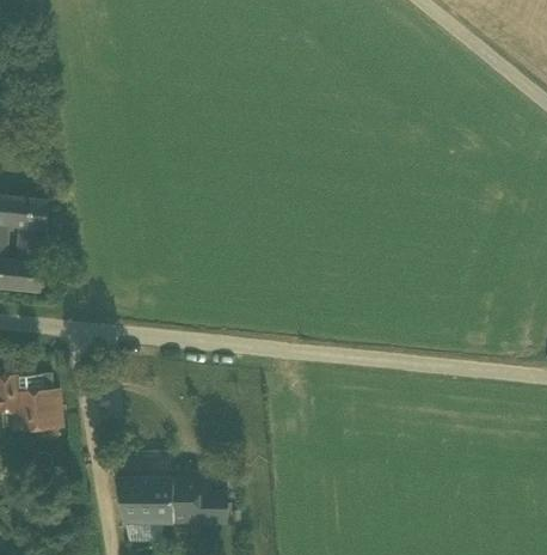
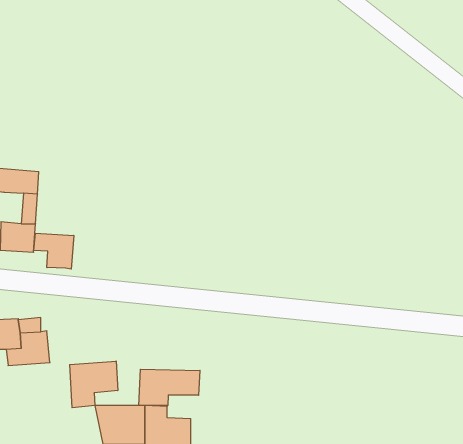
building: none -> [34,233,74,269]
building: none -> [70,361,118,408]
building: none -> [139,369,200,406]

